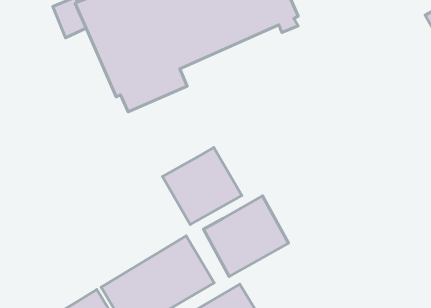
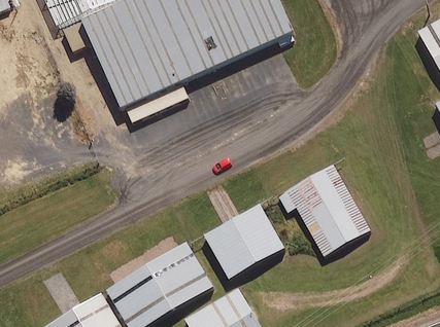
building: [163,148,242,224] -> none
building: none -> [277,164,371,257]

